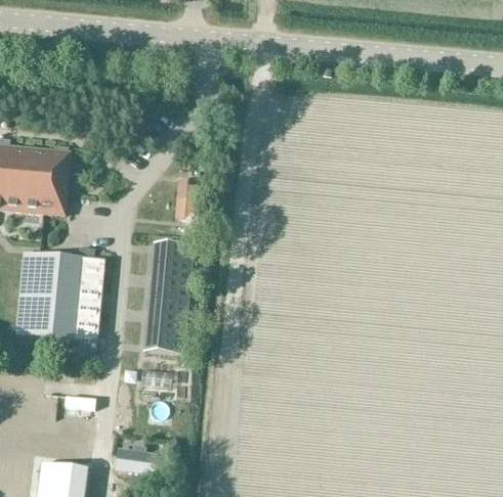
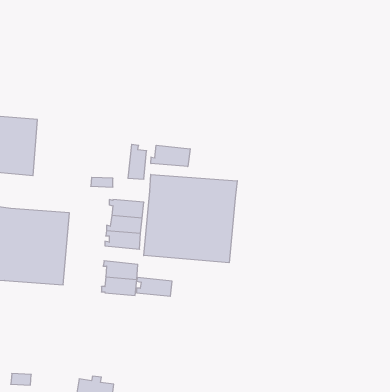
building: none -> [151,145,190,167]
building: none -> [144,174,237,263]
building: [145,295,186,316] -> [137,278,172,296]

